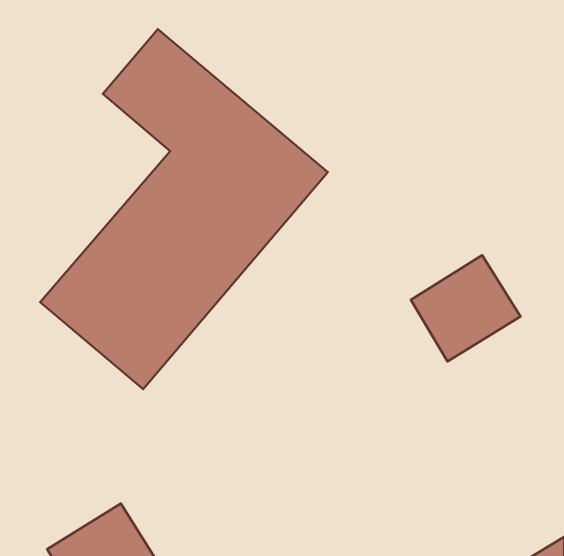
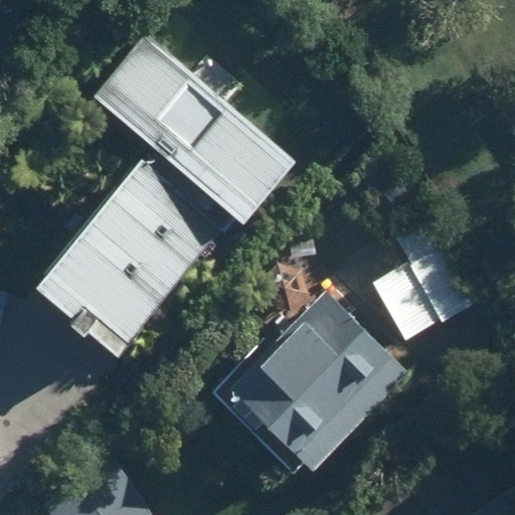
building: none -> [215,280,411,474]

